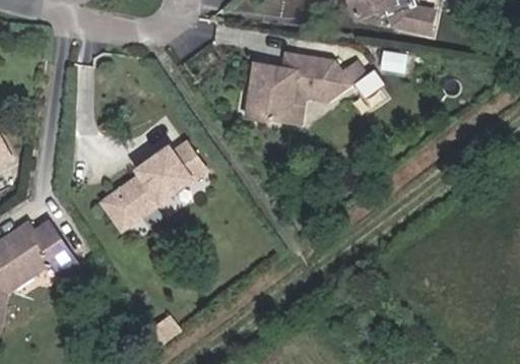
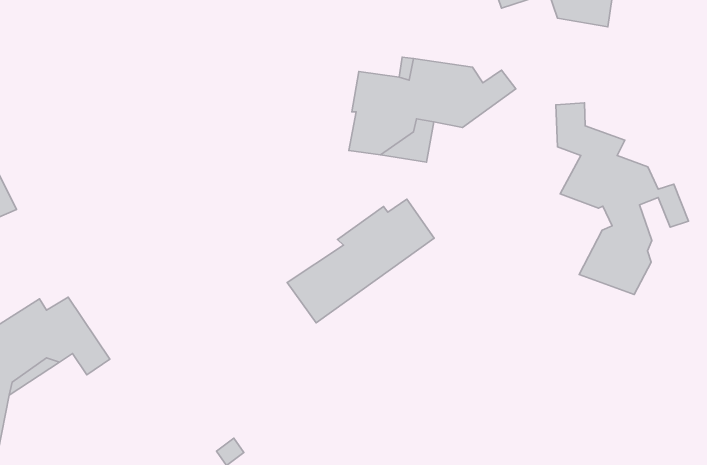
building: none -> [556,103,689,295]
building: [102,142,205,230] -> [287,199,434,323]

